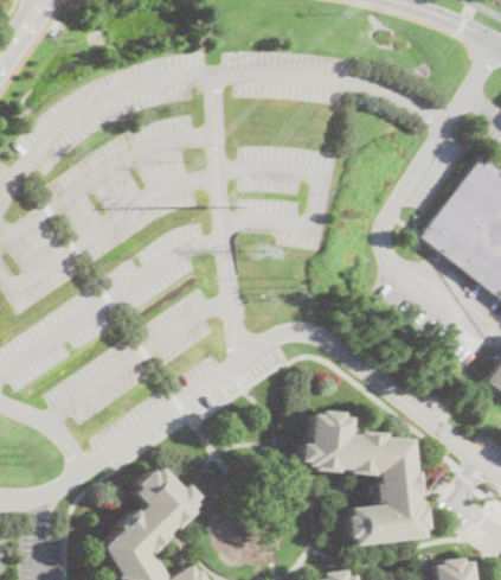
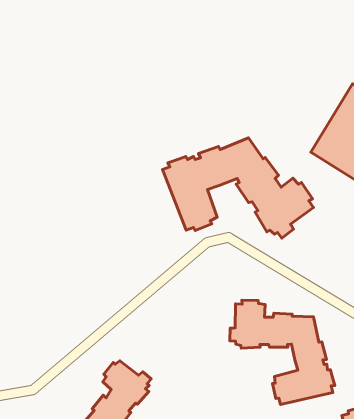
building: none -> [162,138,313,238]

